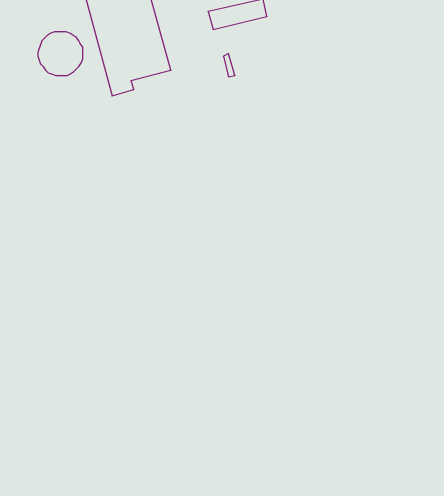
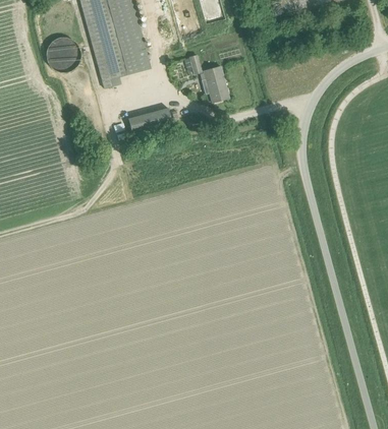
building: none -> [201,63,229,100]
building: none -> [127,105,173,135]

